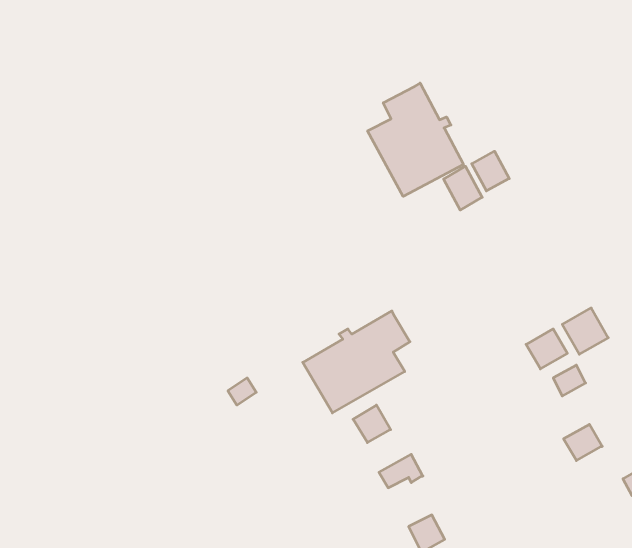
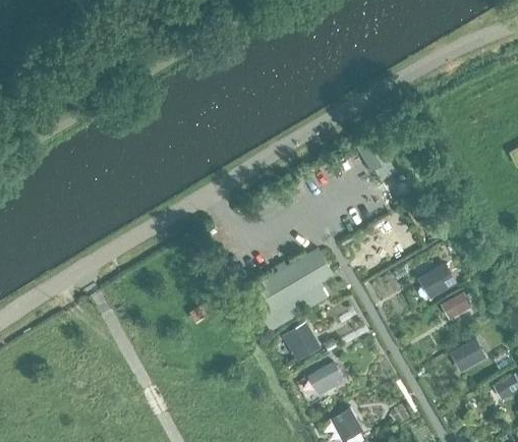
building: [368,83,463,196] -> none
building: [472,151,509,191] -> none
building: [562,308,608,354] -> none

